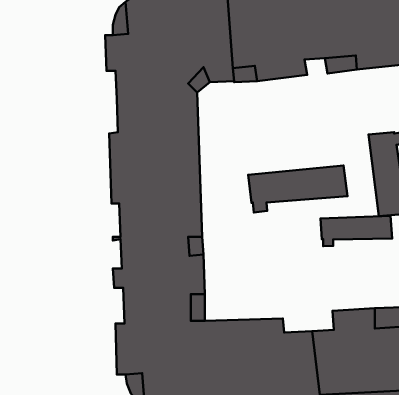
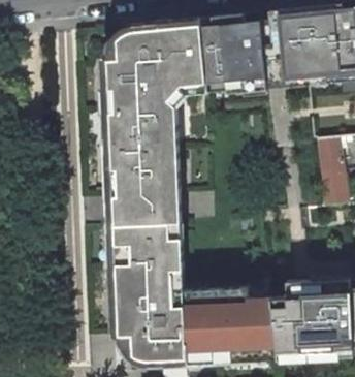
building: [248,166,347,212] -> none
building: [321,216,392,246] -> none

